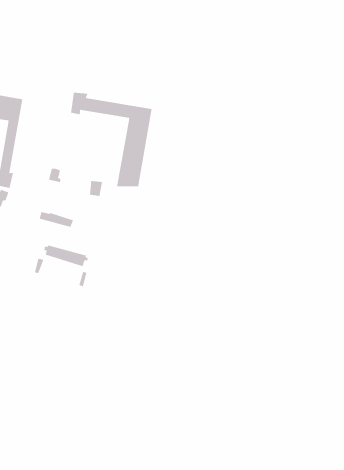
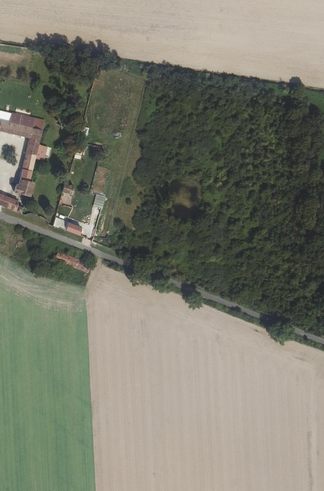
building: [70,92,152,187] -> none

